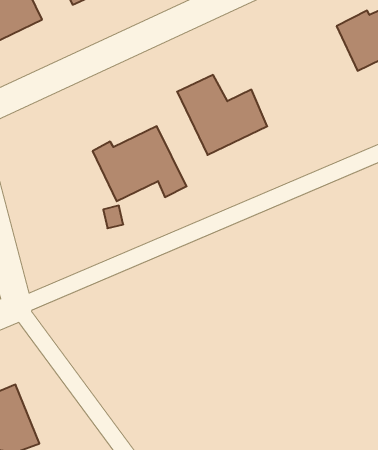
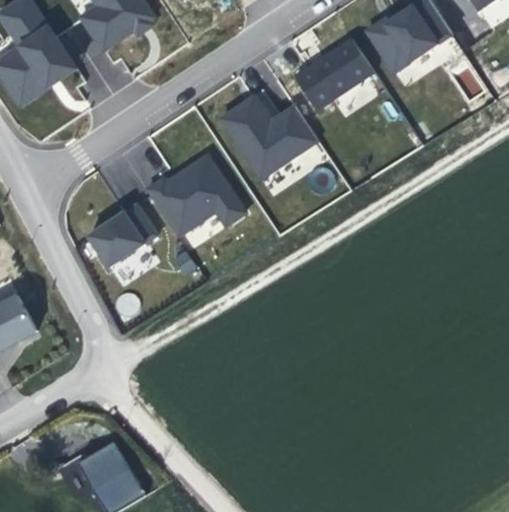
building: none -> [297,40,374,110]
building: none -> [89,204,155,266]

